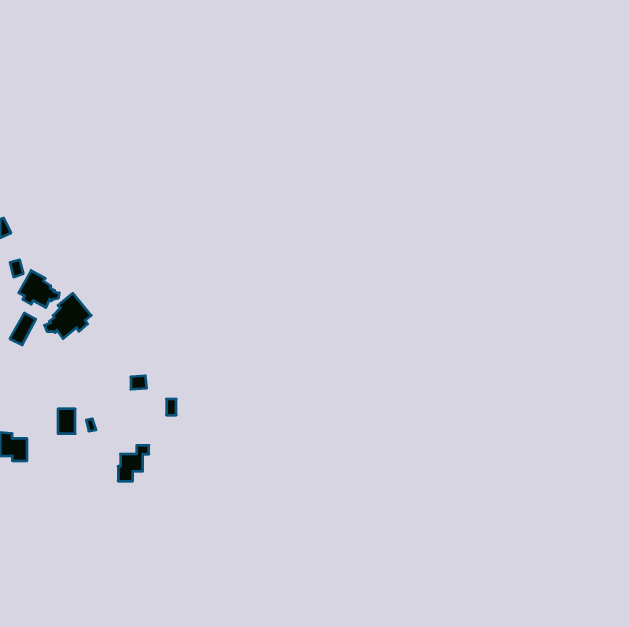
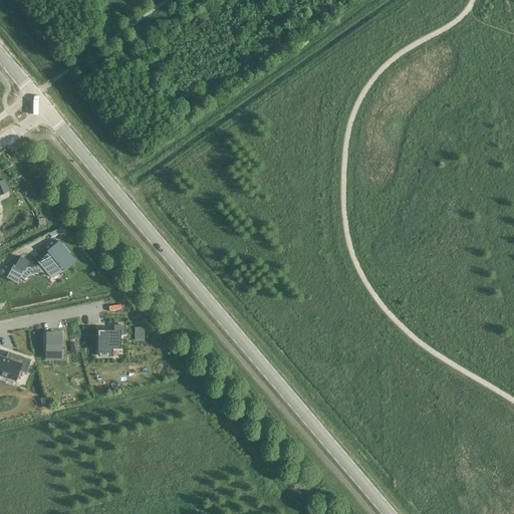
building: [19,270,59,308] -> none
building: [118,445,149,481] -> [99,324,124,353]

